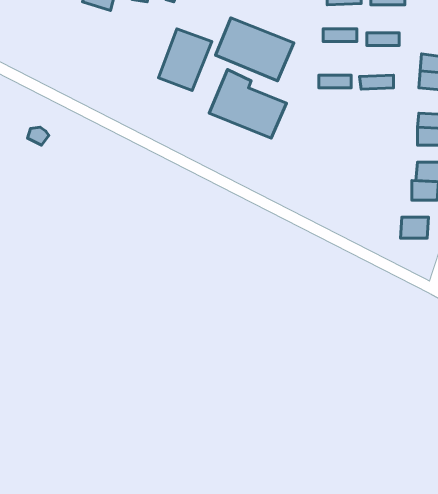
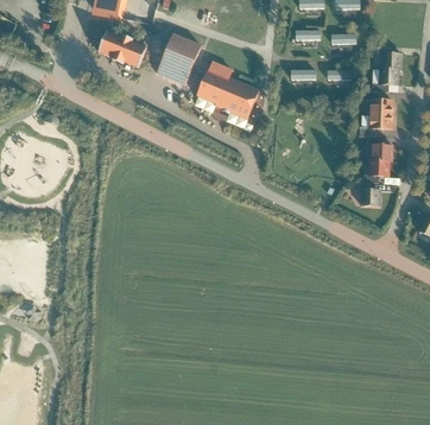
building: [216,18,294,81] -> none
building: none -> [96,31,147,69]

